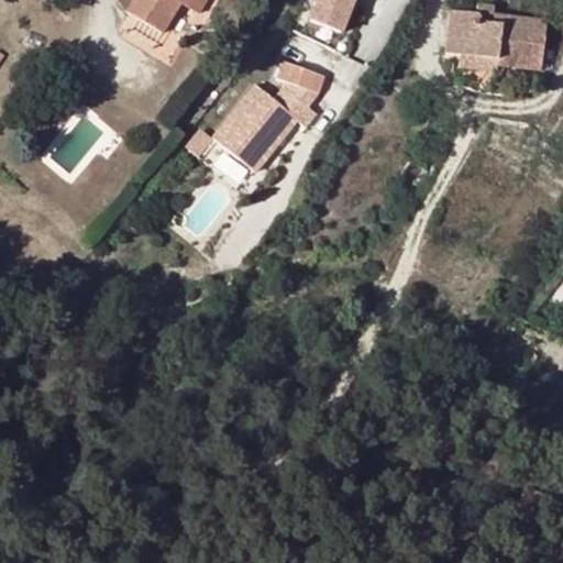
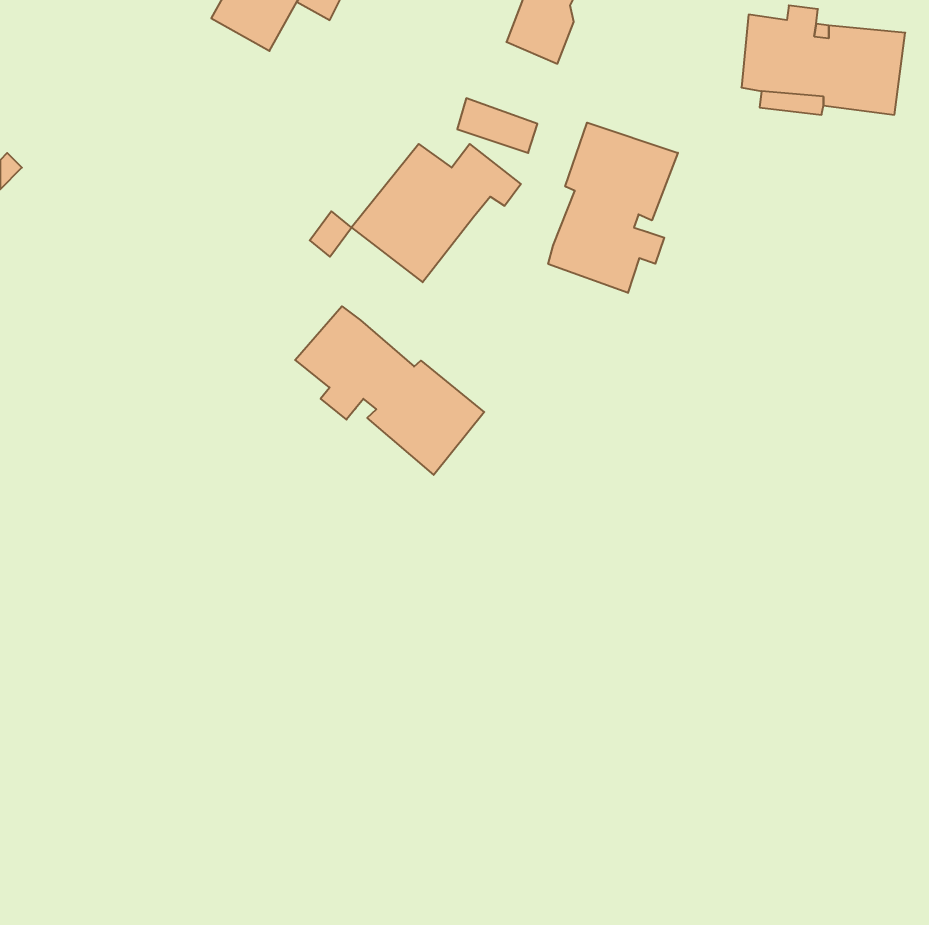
building: none -> [548,123,678,293]
building: none -> [295,306,484,475]

